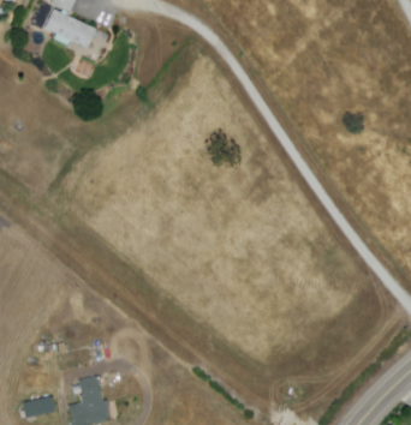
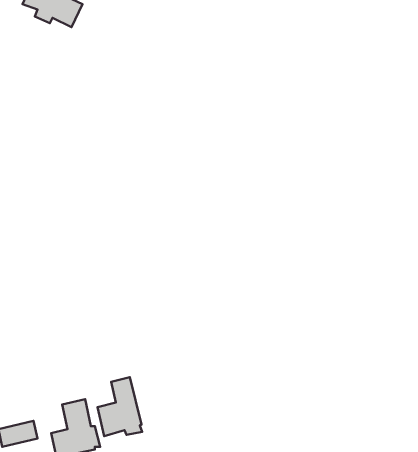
building: none -> [97,377,142,436]

